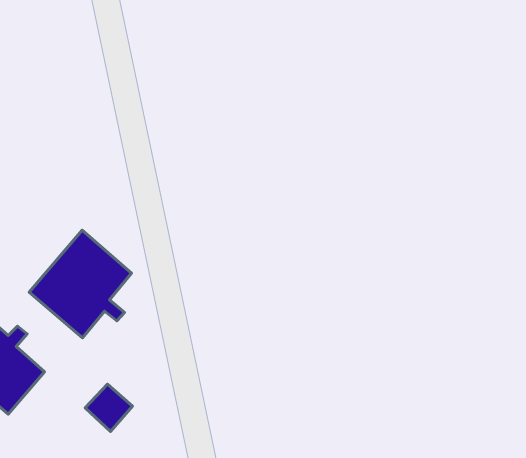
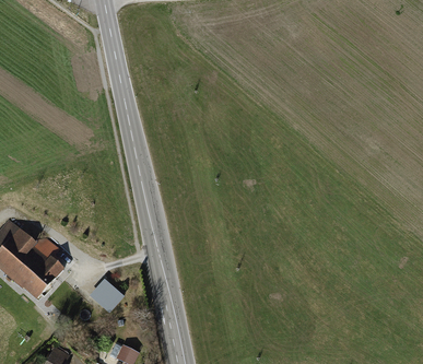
building: [29,230,132,338] -> none

